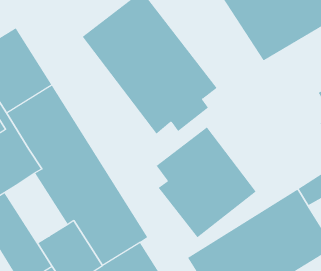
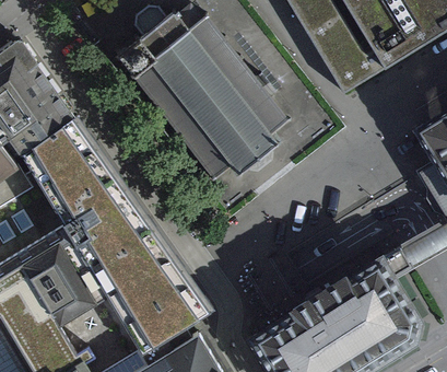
building: [156,126,257,238] -> none
building: none -> [19,230,97,318]

